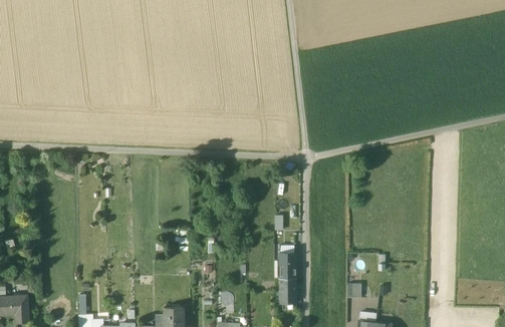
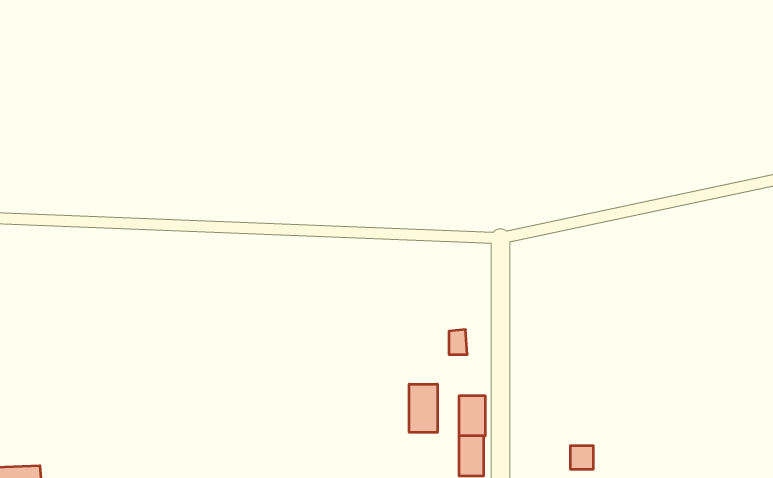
building: none -> [409,384,437,432]

